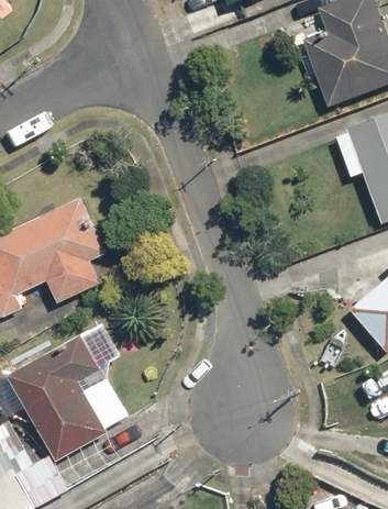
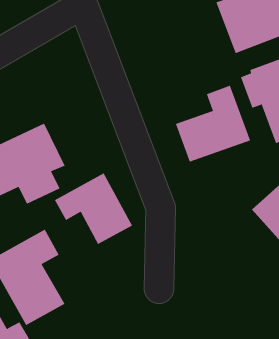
building: none -> [175,85,251,163]
building: none -> [54,172,133,245]

